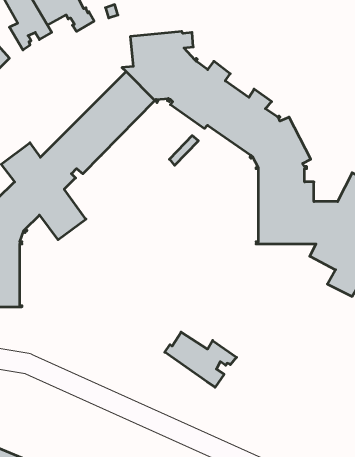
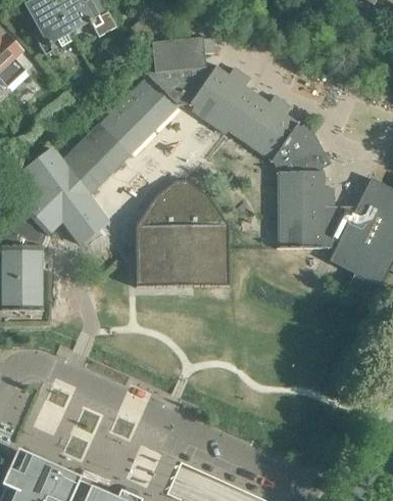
building: none -> [135,179,229,286]
building: [165,332,237,387] -> none

